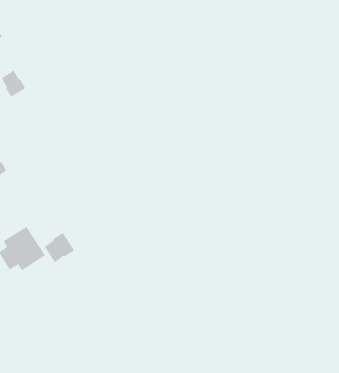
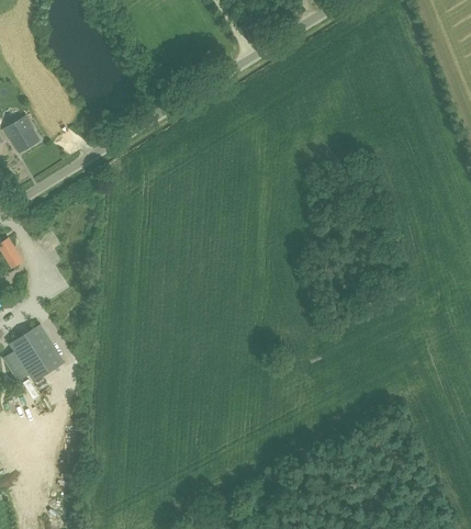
building: [44,232,75,263] -> none

